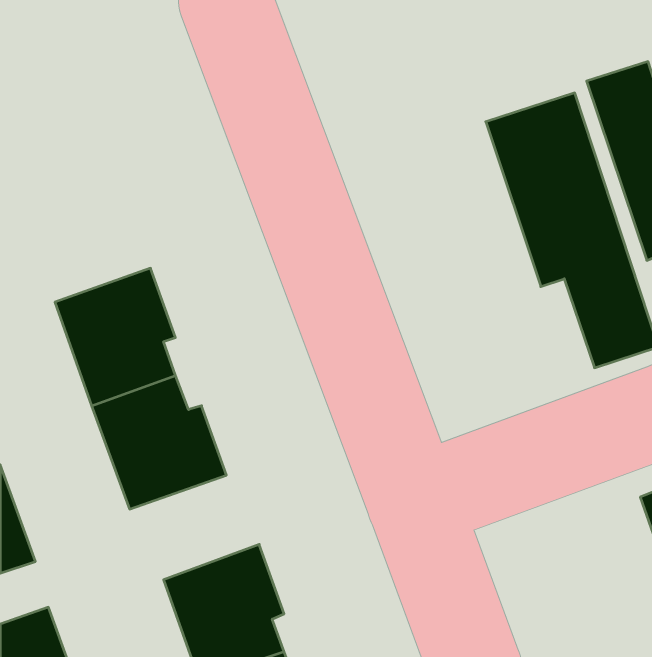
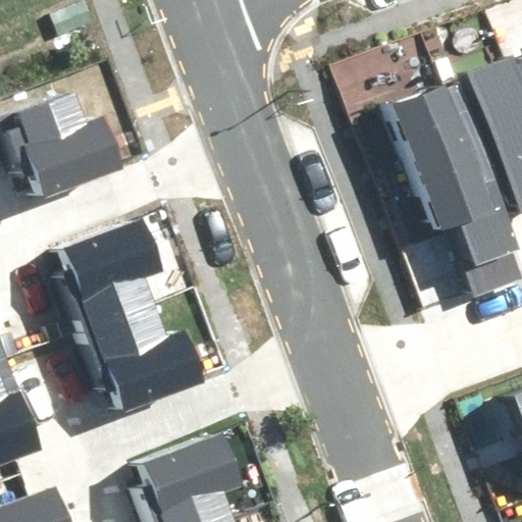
building: none -> [17,92,121,196]

